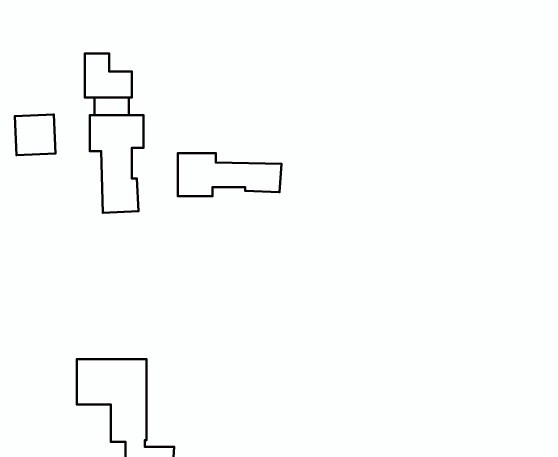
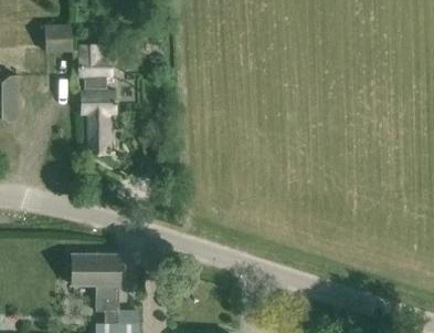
building: [15,115,55,155] -> [45,24,73,52]
building: [178,153,281,196] -> none

